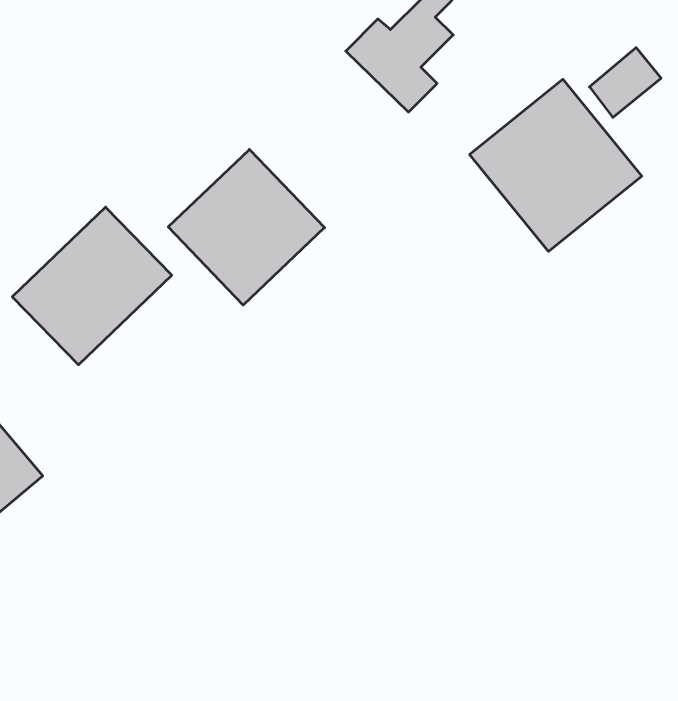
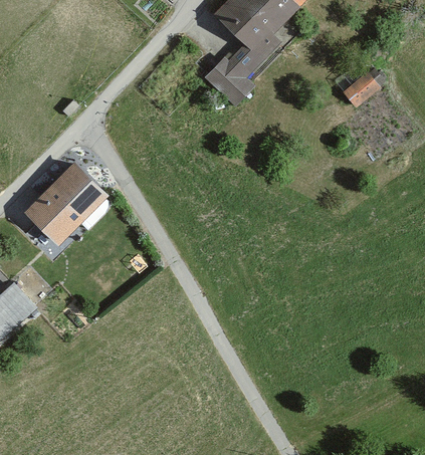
building: [470,79,642,251] -> none
building: [168,149,325,305] -> none

